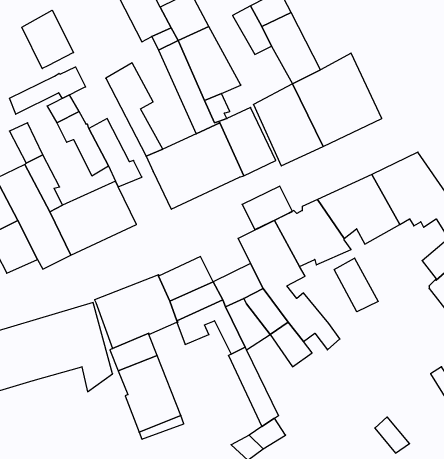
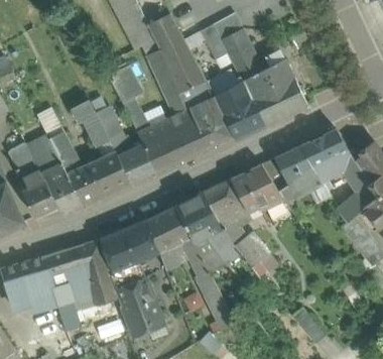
building: [22,10,74,69] -> none
building: [9,67,86,114] -> none
building: none -> [117,143,155,182]
building: [242,186,292,229] -> [176,192,213,223]
building: [334,258,378,312] -> none
building: none -> [55,284,117,329]

